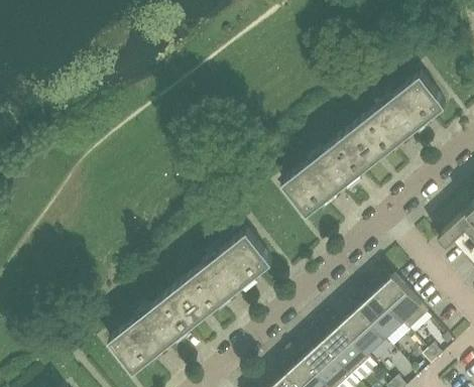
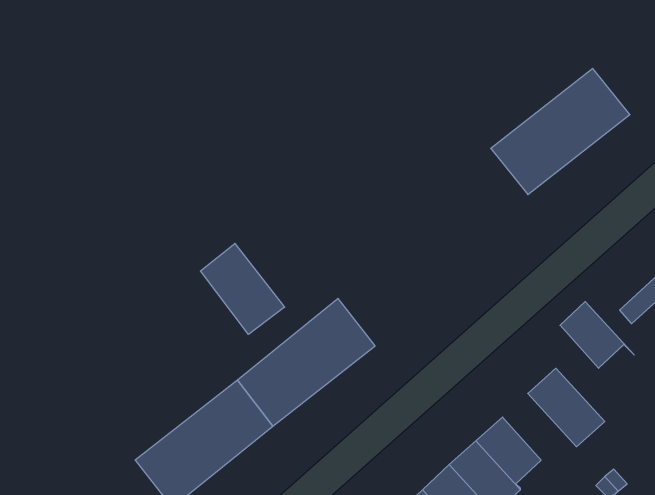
building: [281,129,375,215] -> none
building: none -> [200,243,285,334]
building: [358,295,408,341] -> [560,302,634,368]

